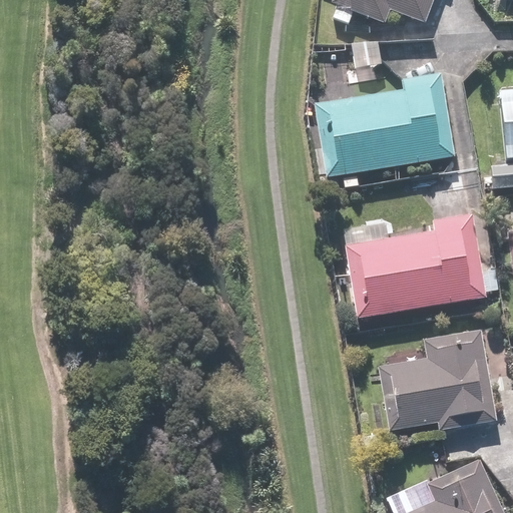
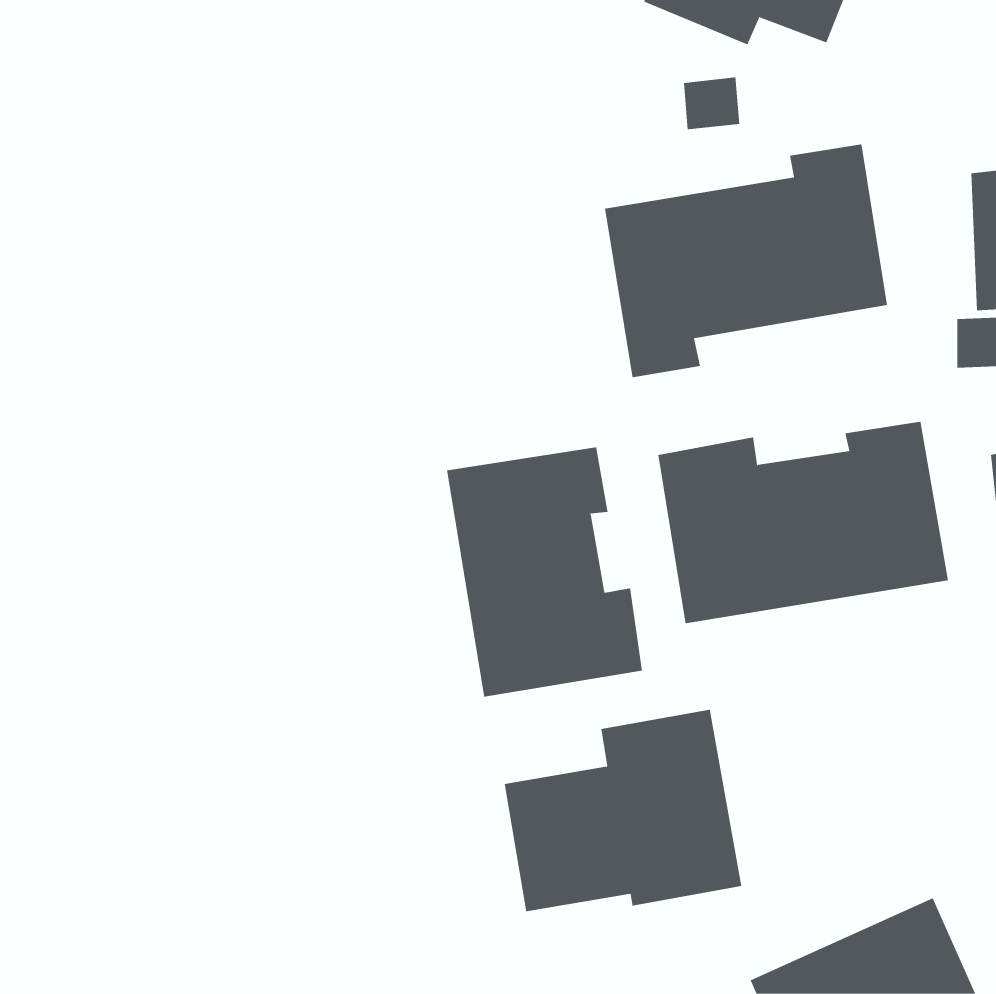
building: none -> [446,446,643,697]
building: [377,328,498,431] -> [504,709,742,912]

